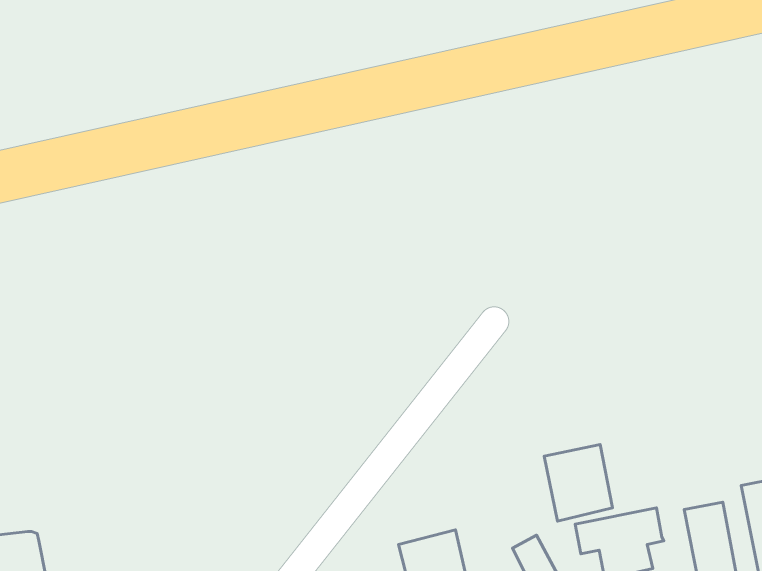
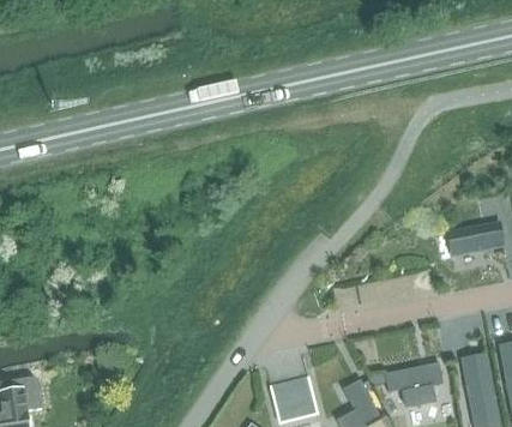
building: none -> [447,223,506,258]
building: [544,445,613,521] -> none

